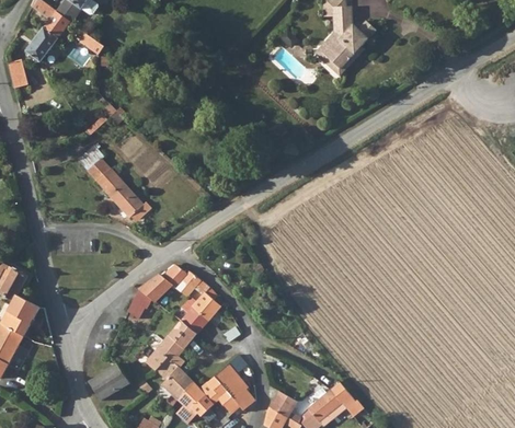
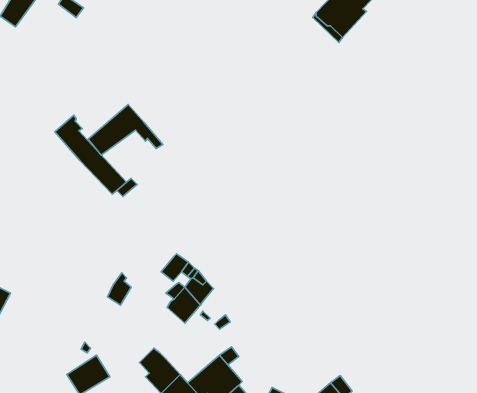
building: none -> [88,104,163,155]
building: [139,264,187,300] -> none
building: [146,320,197,370] -> none

